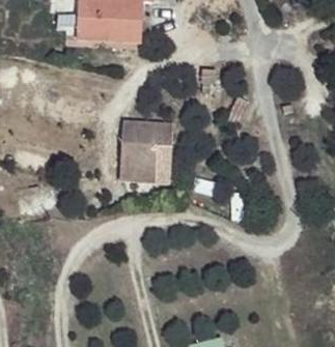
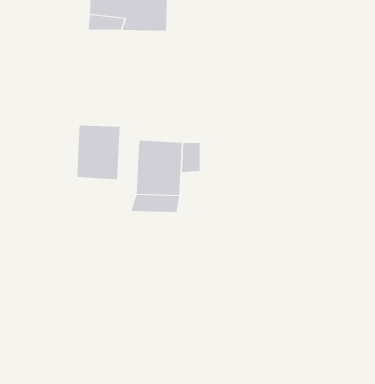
building: none -> [77,125,120,180]

